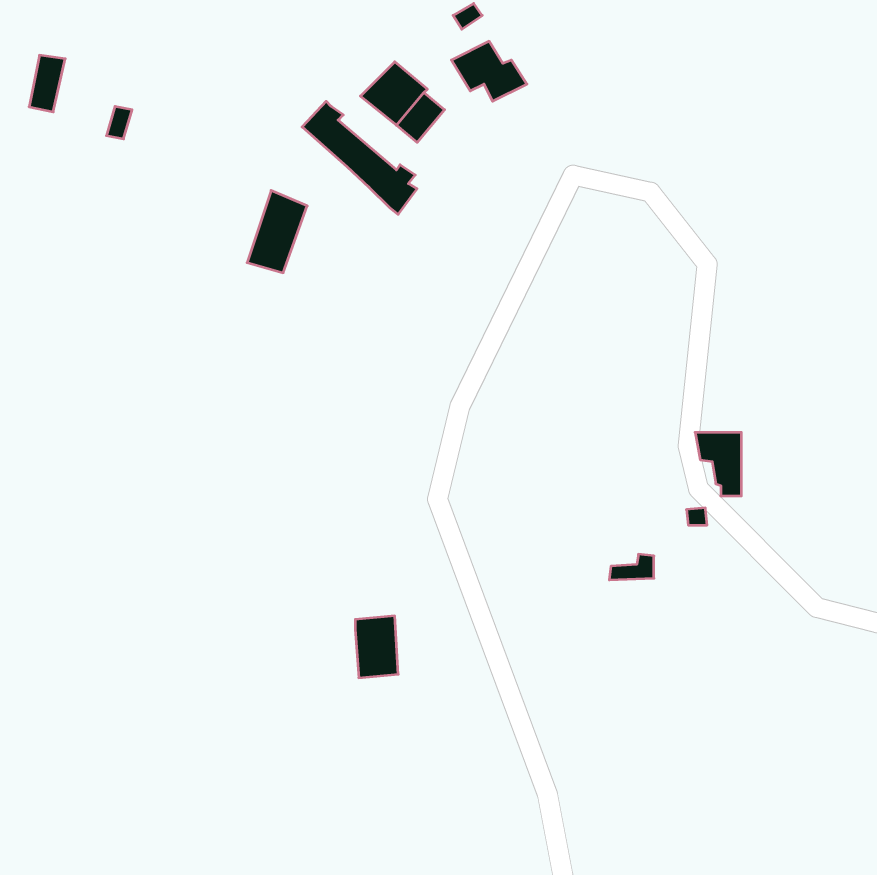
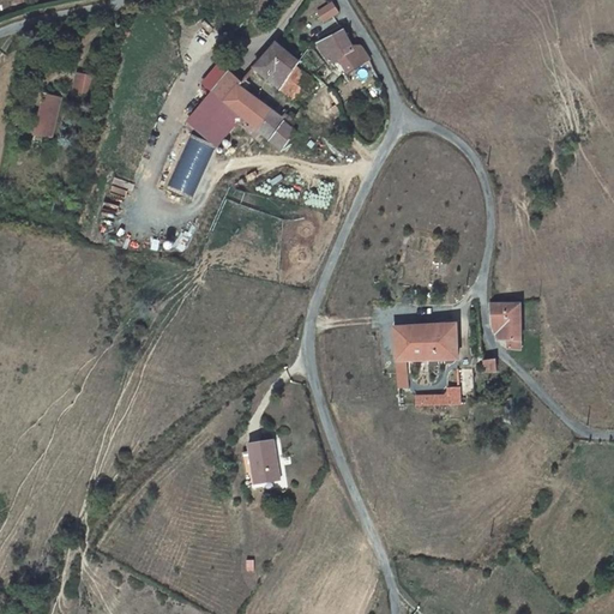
building: [29,55,65,112] -> [37,96,62,136]
building: none -> [186,89,242,146]
building: none -> [390,323,455,369]

